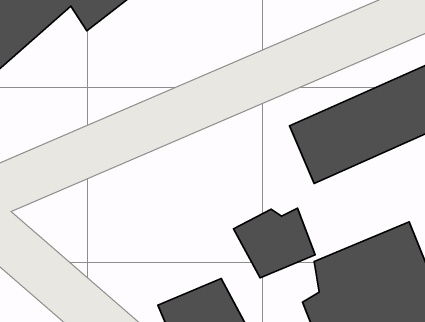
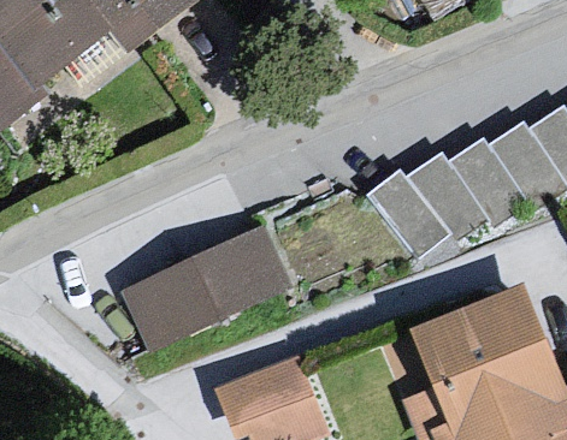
building: none -> [118,224,299,358]
building: [234,208,315,278] -> none

